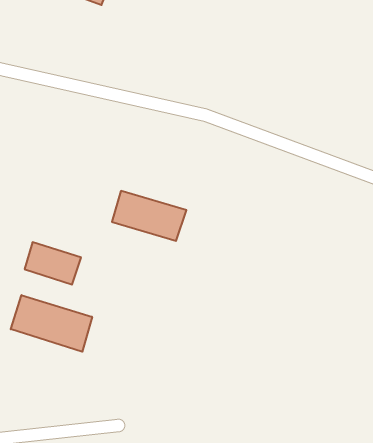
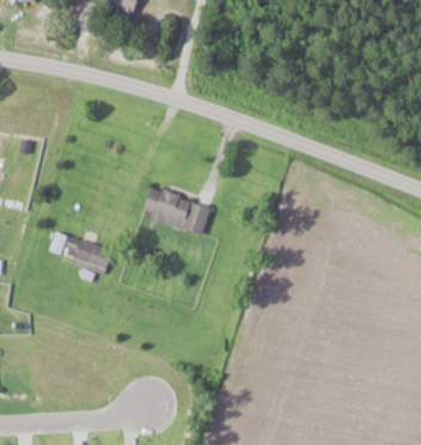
building: [11,295,92,352] -> none

